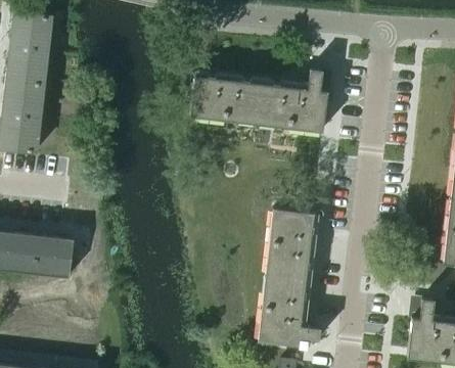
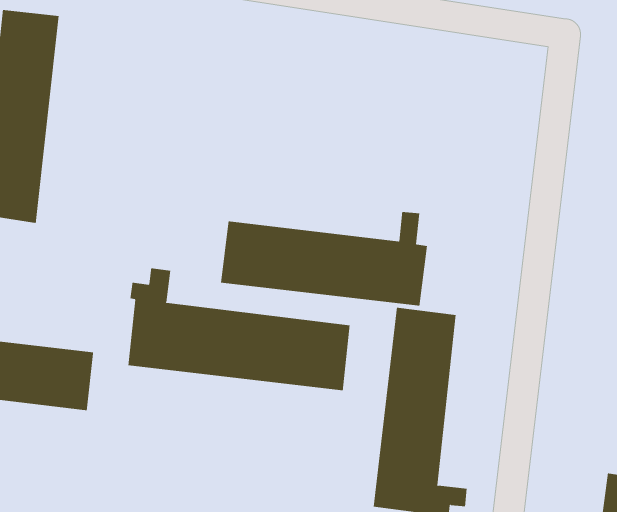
building: [191,68,328,131] -> [220,212,428,306]
building: none -> [128,267,350,391]

